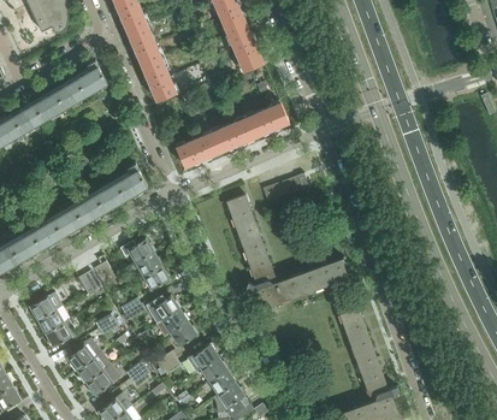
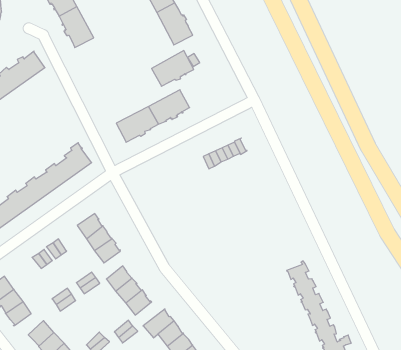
building: [141,57,177,101] -> none
building: [245,102,289,137] -> [152,51,194,86]
building: [226,195,348,308] -> none

